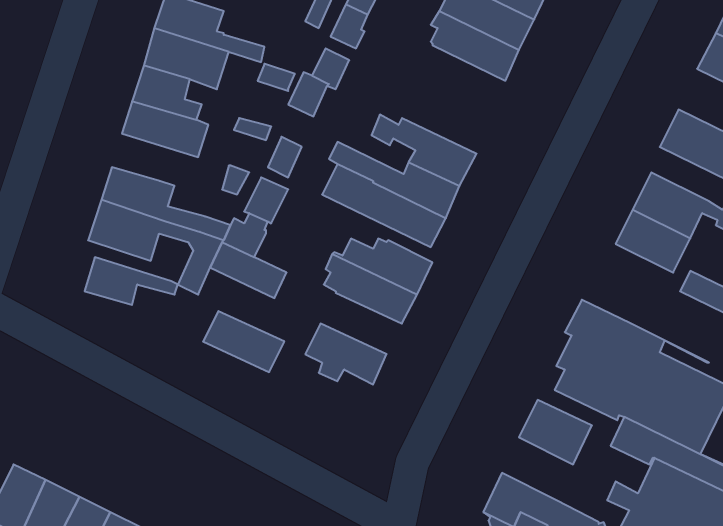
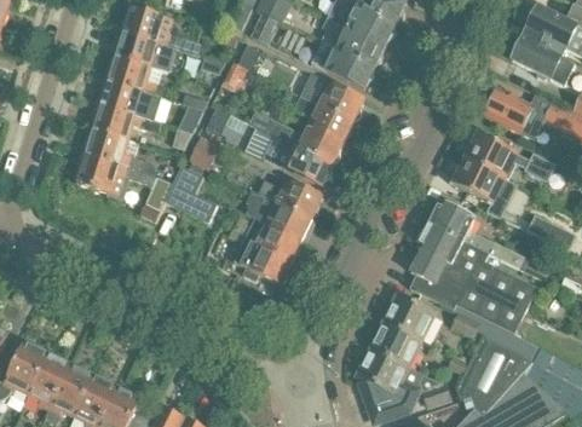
building: none -> [311,41,374,87]
building: none -> [300,81,363,119]
building: [85,257,178,305] -> [93,104,160,138]
building: none -> [428,198,524,267]
building: [203,311,284,372] -> [242,218,300,261]
building: none -> [371,321,422,365]

